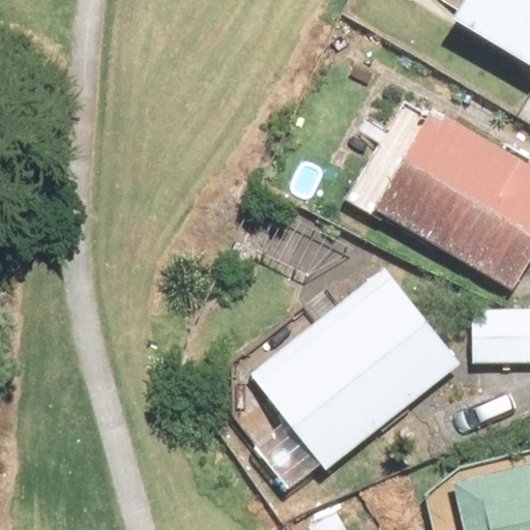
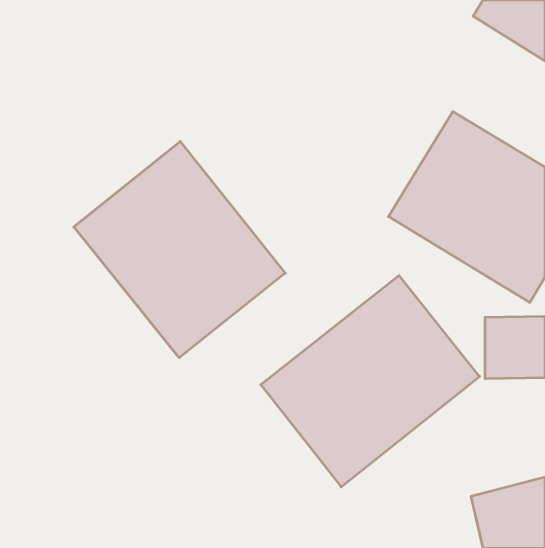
building: none -> [74,141,285,358]

